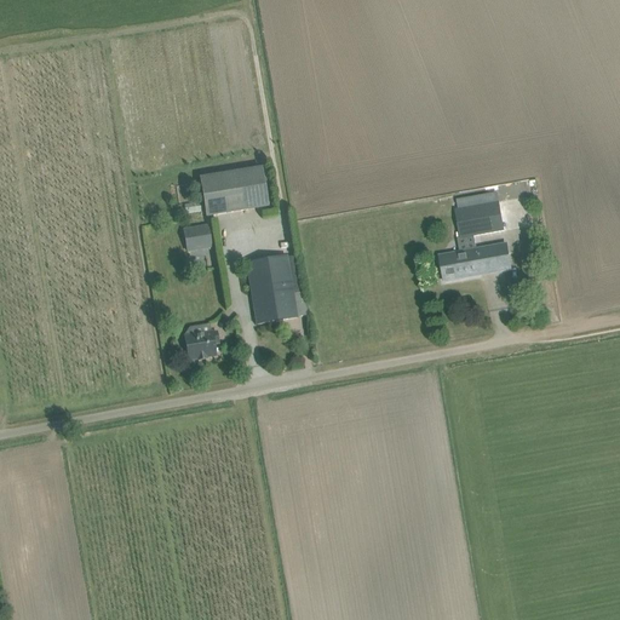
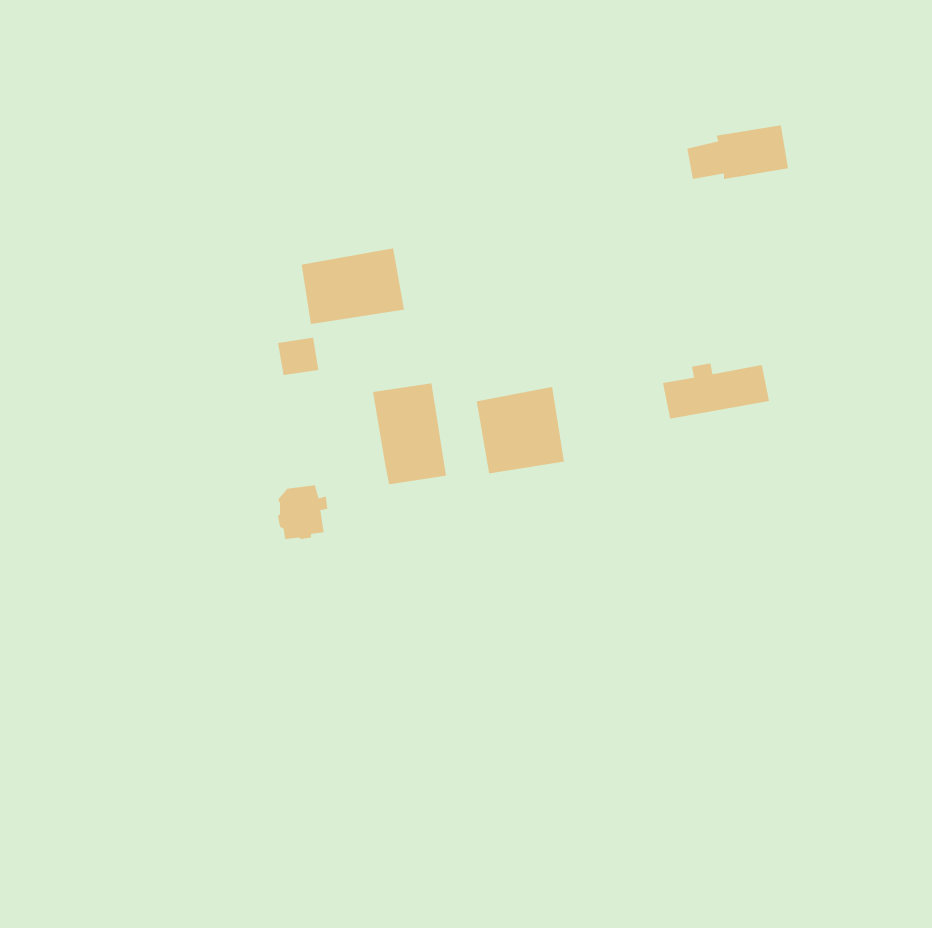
building: [436,200,504,236] -> [687,125,789,179]
building: none -> [476,386,565,474]

